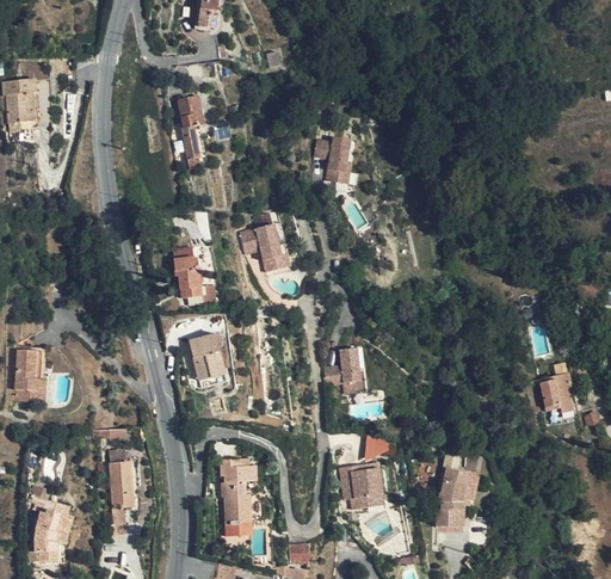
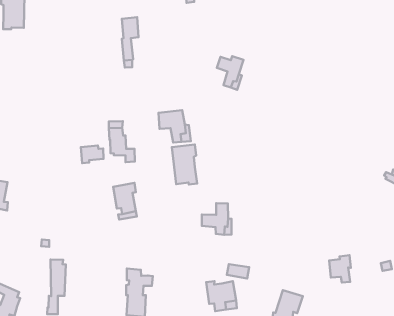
building: none -> [172,145,197,184]
building: none -> [81,146,104,163]
building: [541,372,574,413] -> [329,255,351,283]

